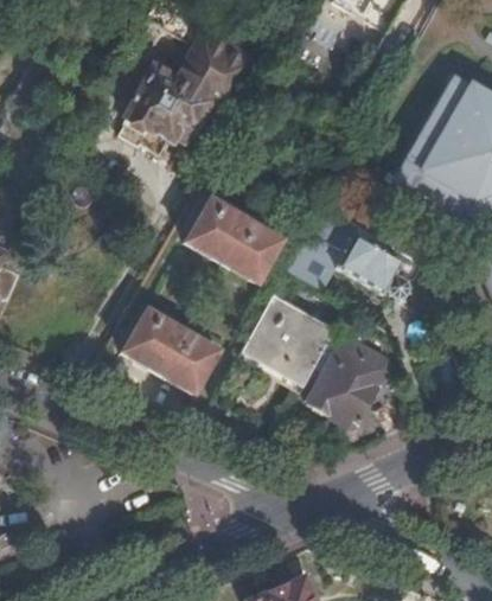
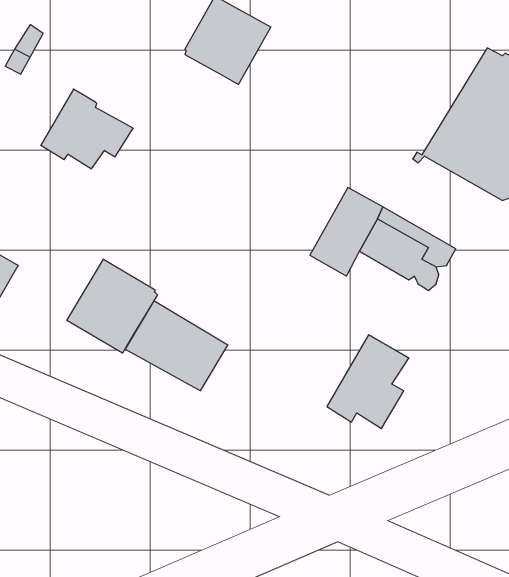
building: [127,66,211,139] -> [41,89,133,169]
building: [186,197,280,280] -> none
building: none -> [67,259,157,353]
building: [213,294,332,407] -> none

